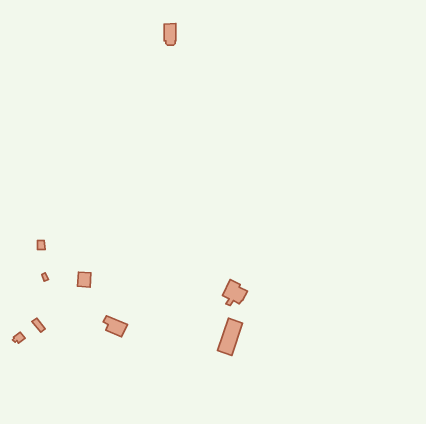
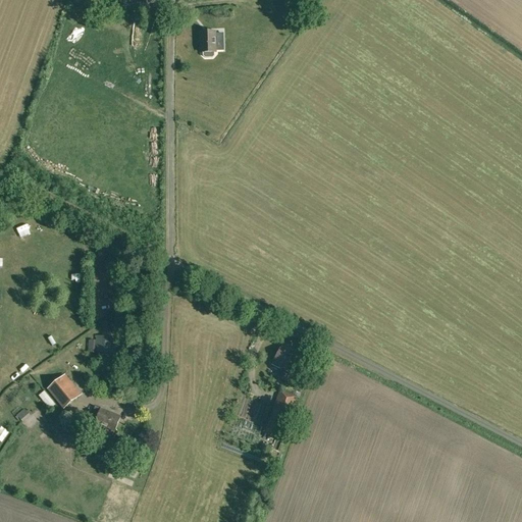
building: none -> [48,372,81,406]
building: [103,316,127,337] -> [92,404,121,429]

